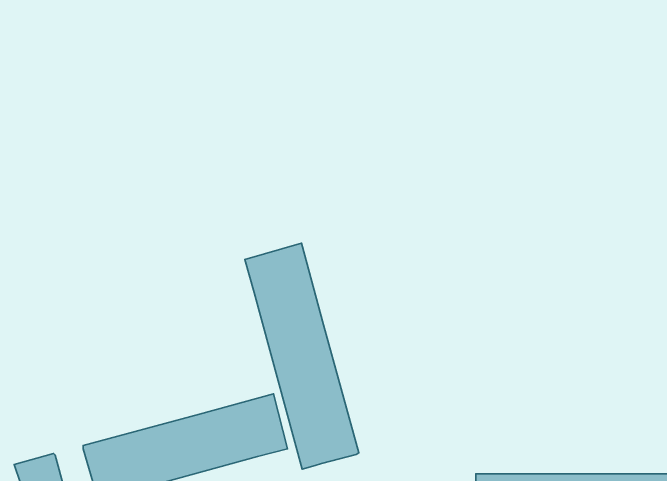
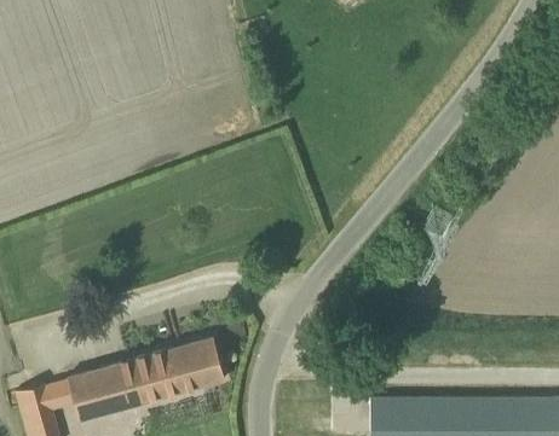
building: [245,243,359,469] -> none

